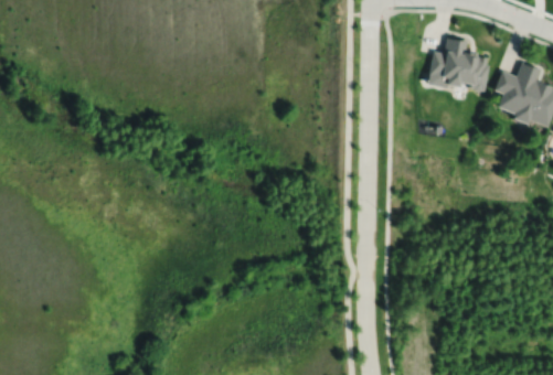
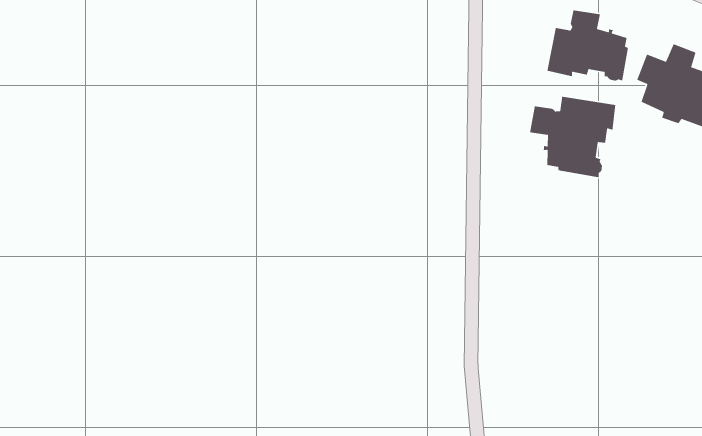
building: none -> [529,96,616,178]

